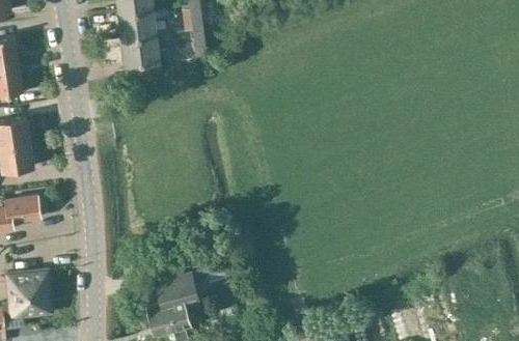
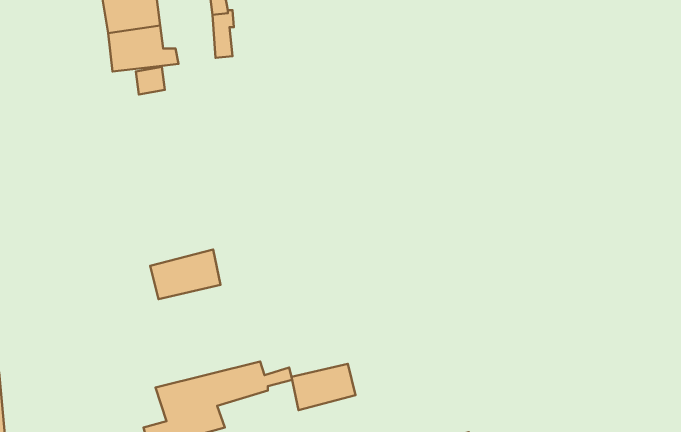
building: none -> [150,250,220,299]
building: none -> [292,364,356,410]

